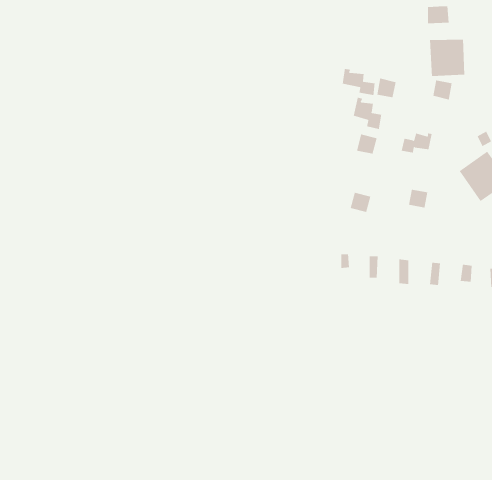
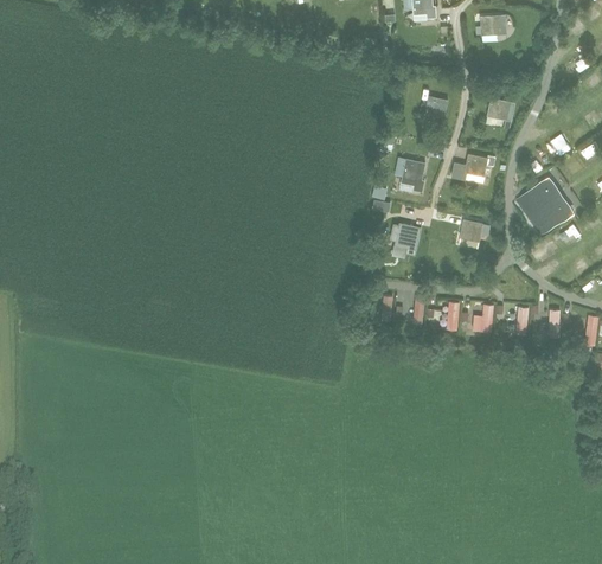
building: [430,39,465,77] -> none
building: [342,68,375,96] -> none
building: [353,97,382,130] -> none

